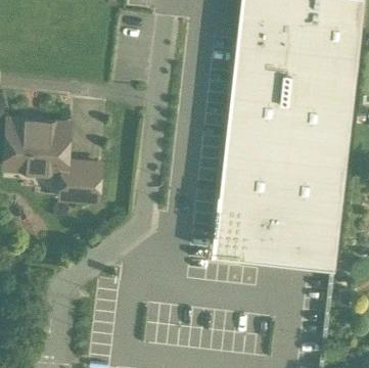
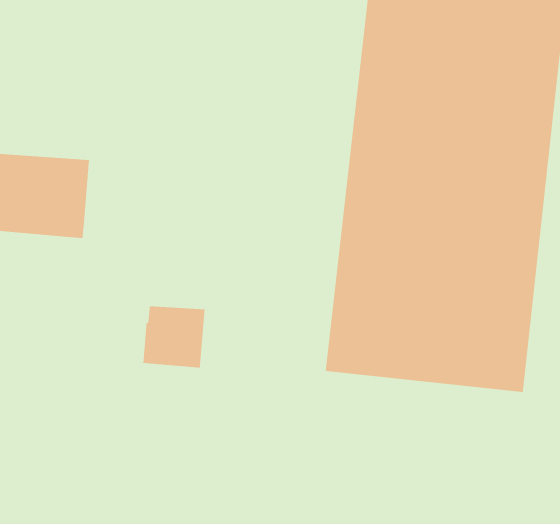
building: [60,163,99,201] -> [143,305,206,368]

